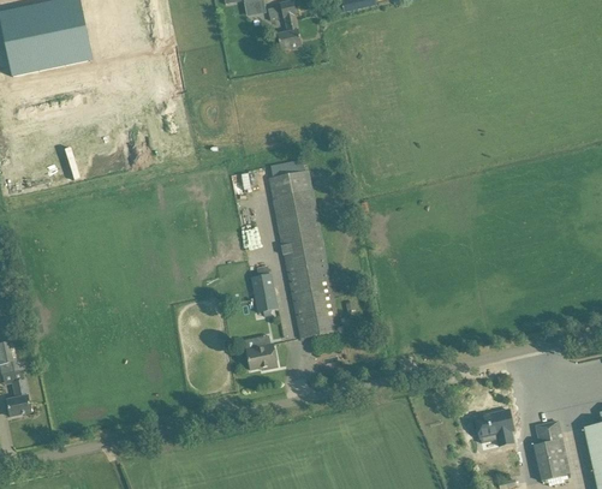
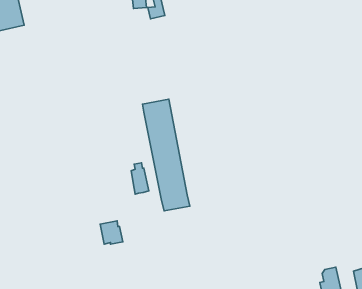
building: [243,334,276,369] -> [100,221,123,244]
building: [473,411,512,445] -> none

